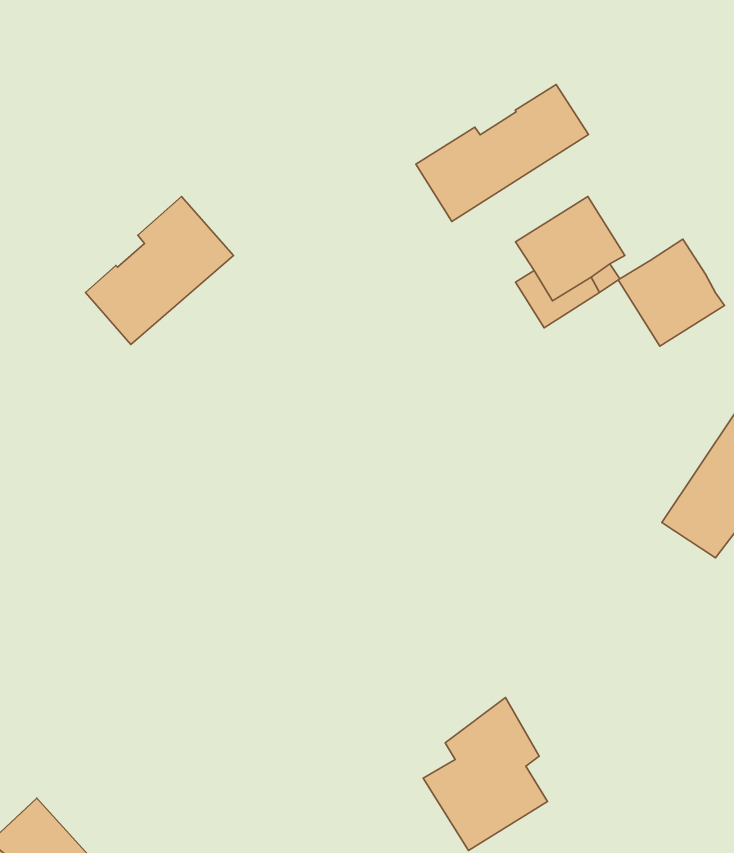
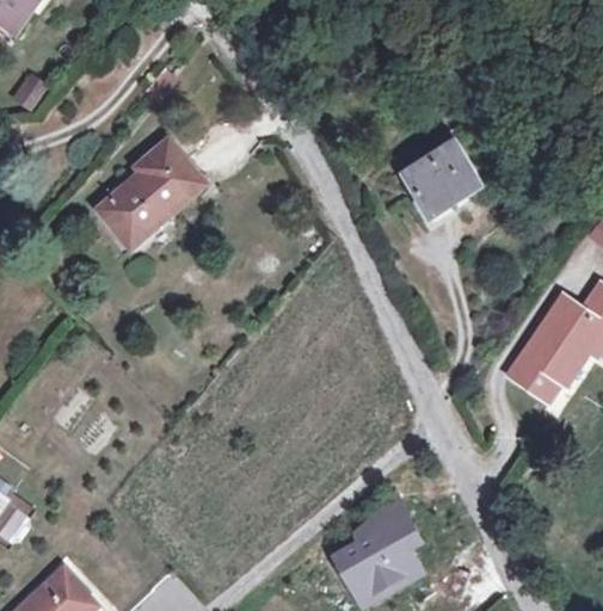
building: [416,84,588,222] -> none
building: [618,239,725,346] -> none

